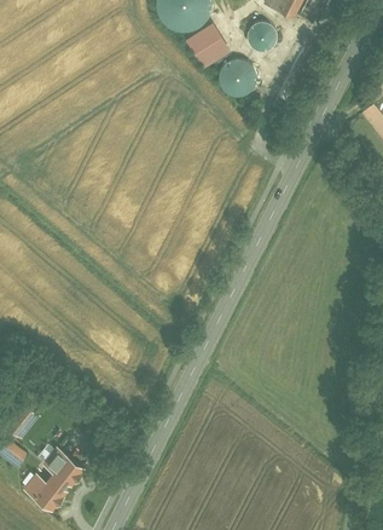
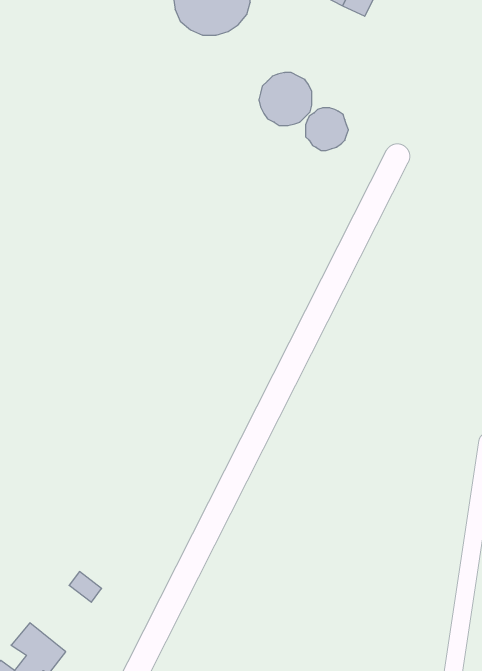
building: [246,21,277,51] -> [306,108,348,151]
building: [186,24,227,64] -> none

